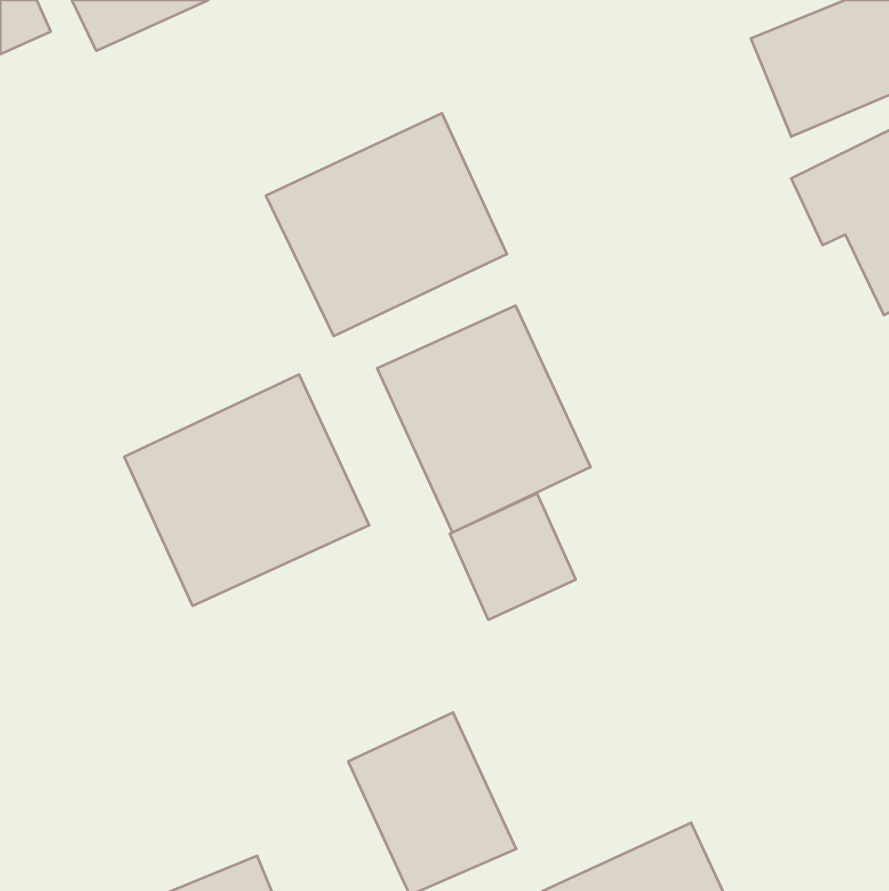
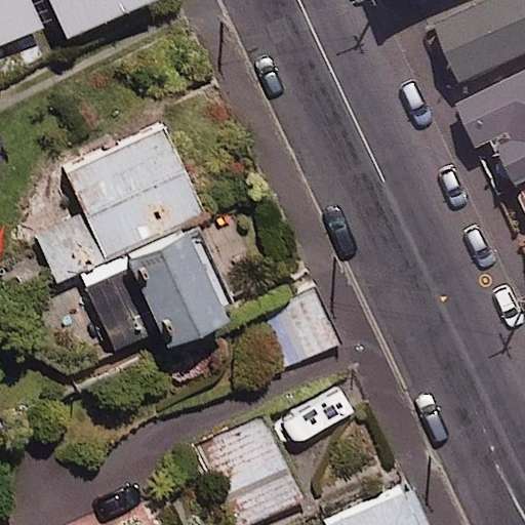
building: [266,113,507,336] -> none
building: none -> [36,123,200,279]
building: [377,306,590,533] -> none

